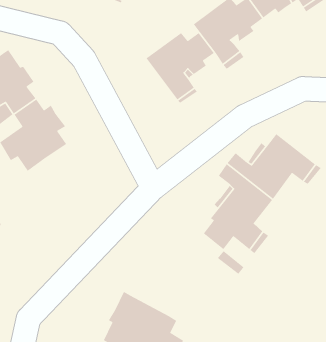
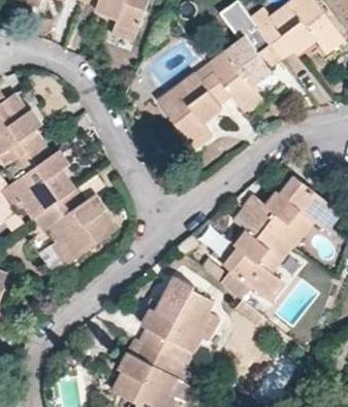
building: none -> [51,189,116,263]
building: none -> [131,282,217,367]

